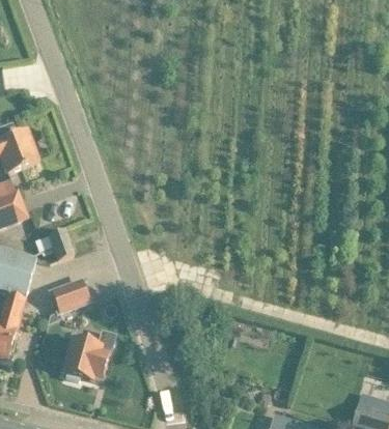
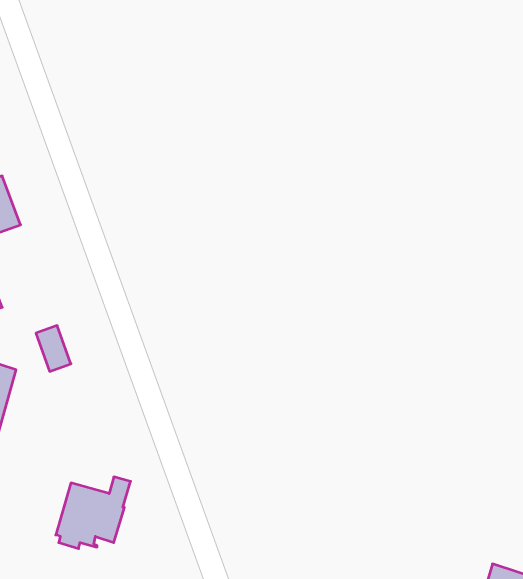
building: [50,278,89,313] -> none

